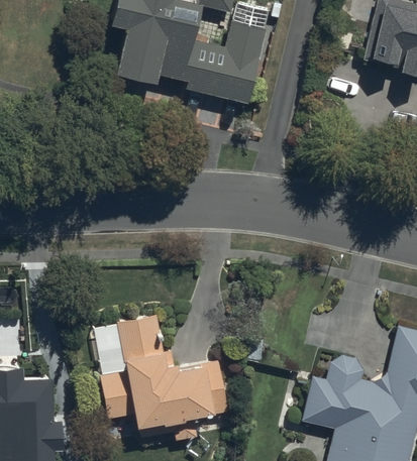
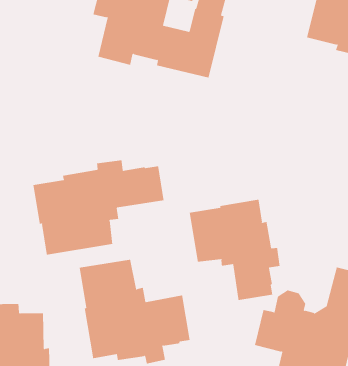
building: none -> [33,159,164,256]
building: none -> [189,199,280,301]

